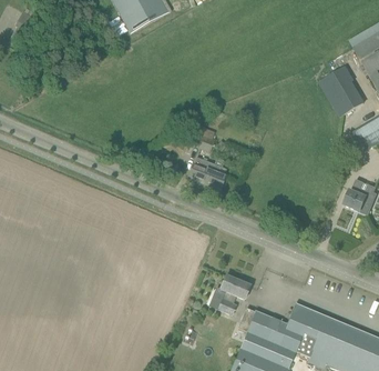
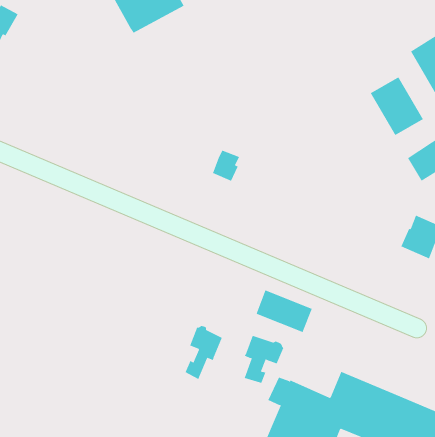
building: [188,157,225,189] -> none
building: none -> [256,290,312,333]
building: none -> [185,325,222,380]

